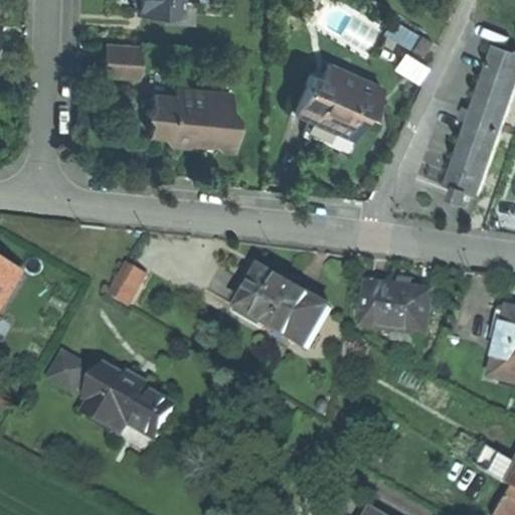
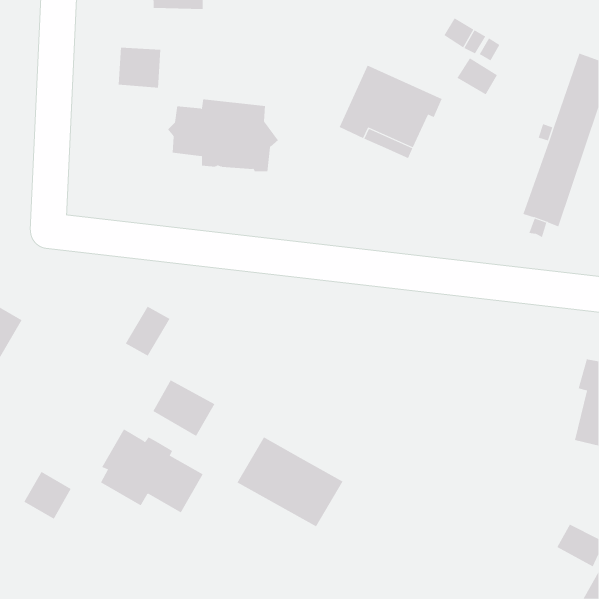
building: [238,270,330,347] -> [236,437,344,527]
building: [361,283,432,344] -> none
building: none -> [152,380,215,437]
building: [47,351,89,392] -> [23,471,72,520]

